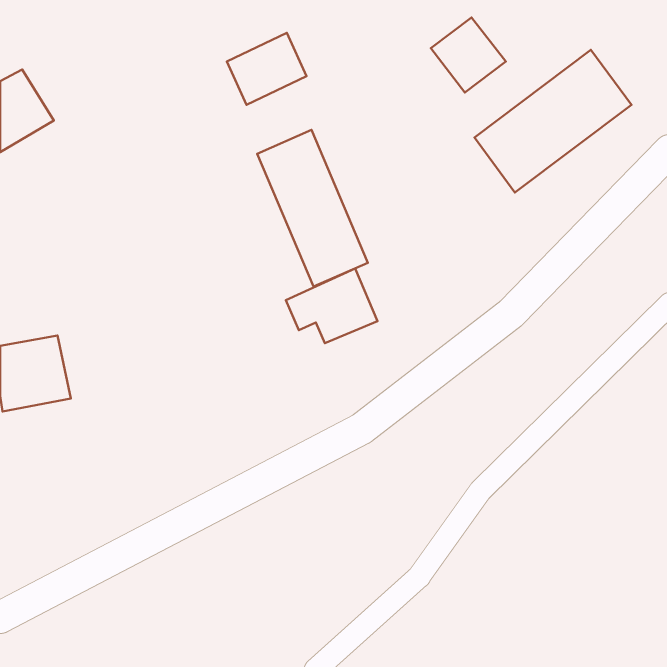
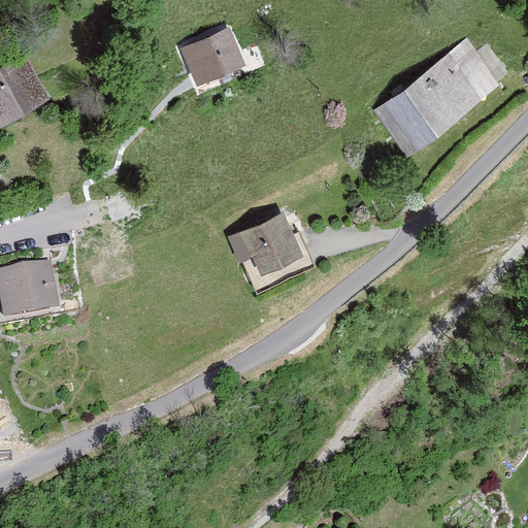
building: [431,17,506,92] -> none
building: [257,130,368,287] -> none

